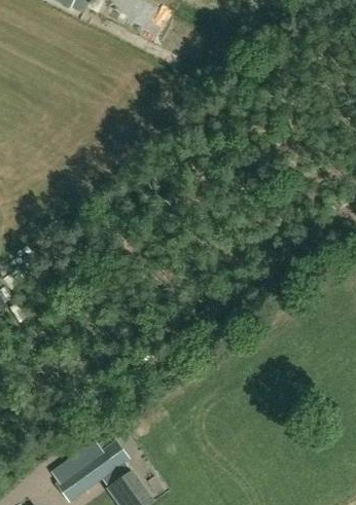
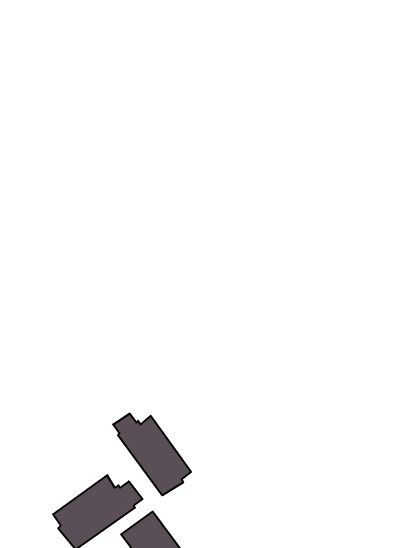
building: none -> [113,414,191,495]

